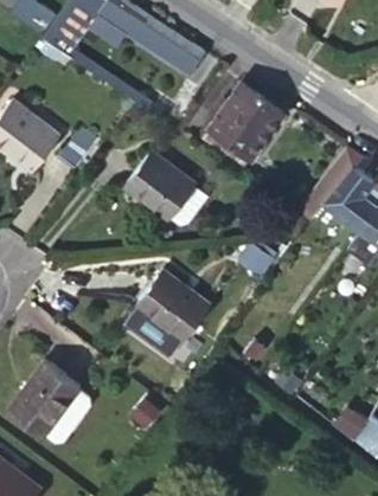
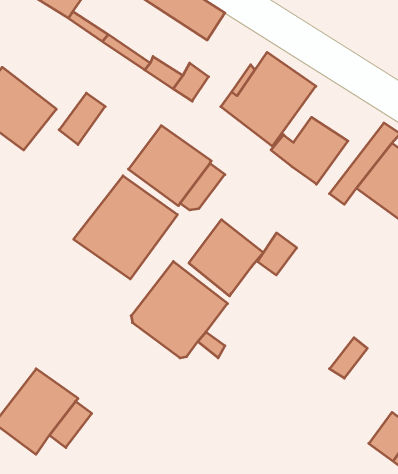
building: none -> [271,117,348,184]
building: none -> [74,176,177,279]
building: none -> [189,220,263,296]

